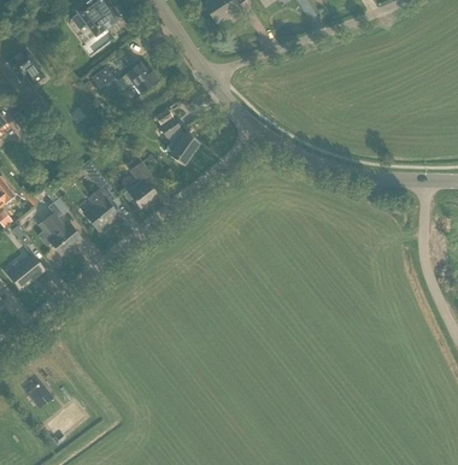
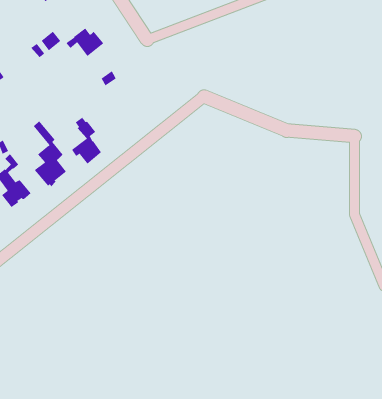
building: [160,119,199,165] -> none

